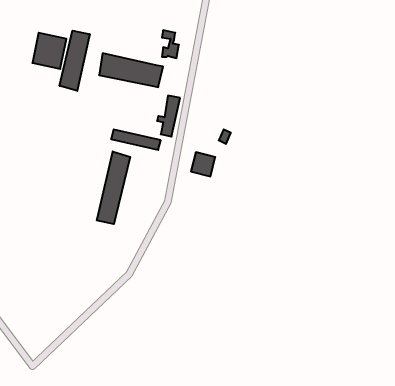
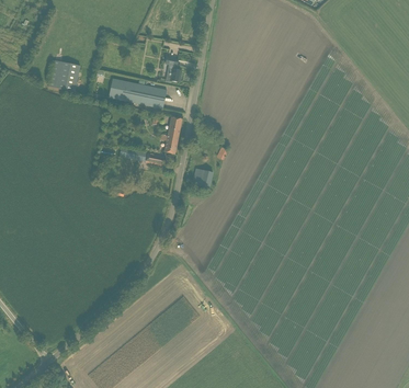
building: [60,31,90,91] -> none
building: [97,151,130,224] -> none

